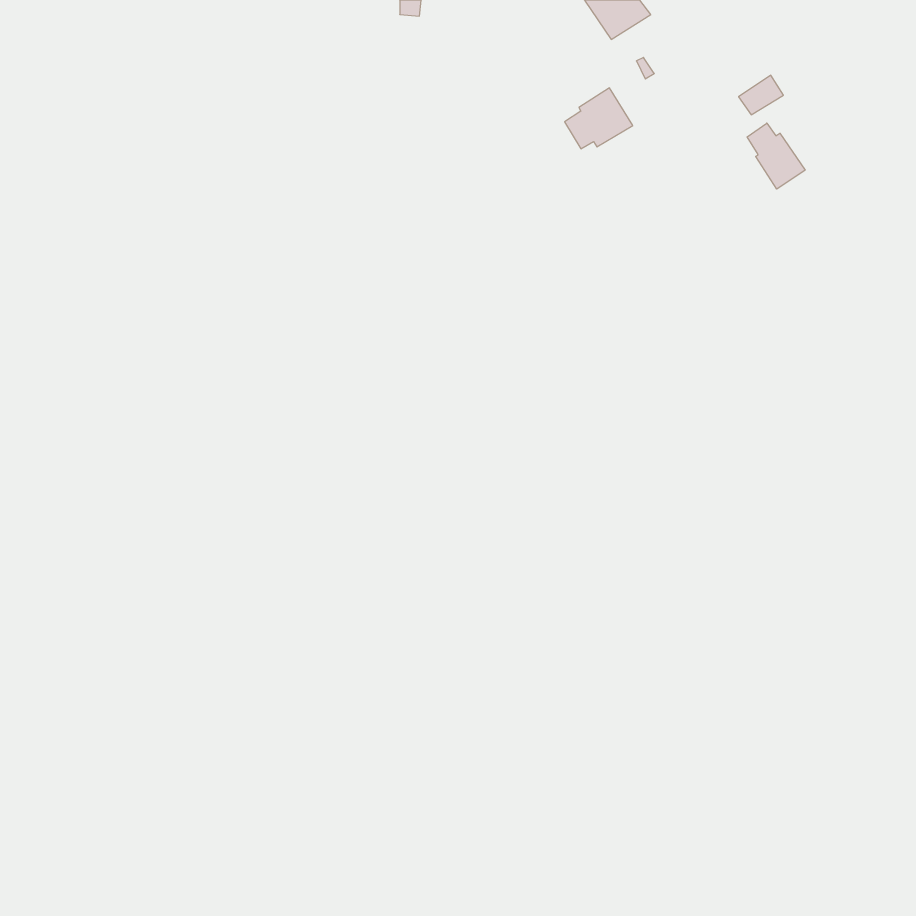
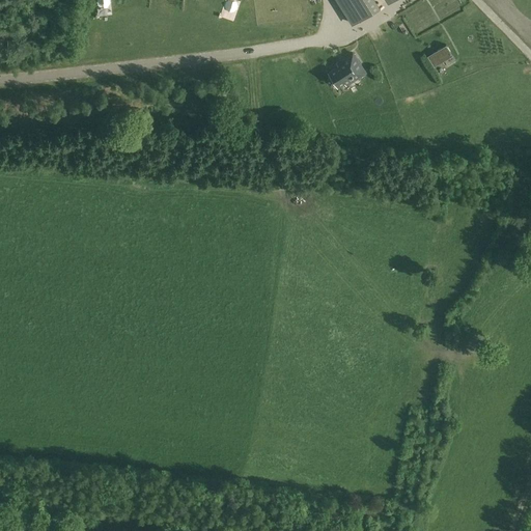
building: [747,123,805,189] -> none

